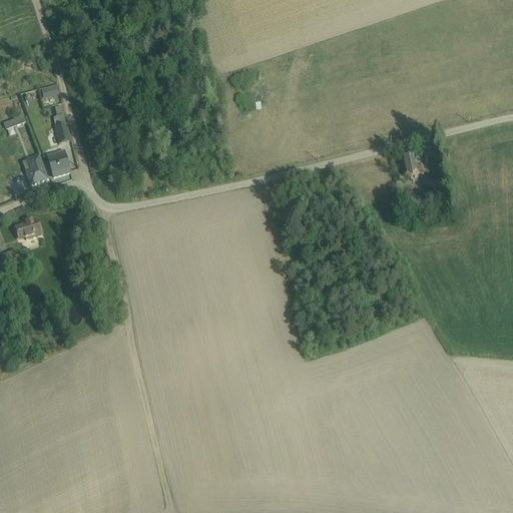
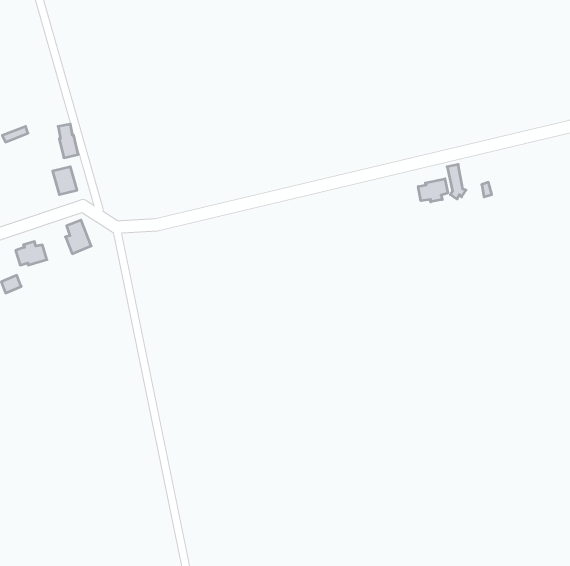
building: [24,153,47,183] -> [65,220,91,254]
building: none -> [418,179,448,202]

